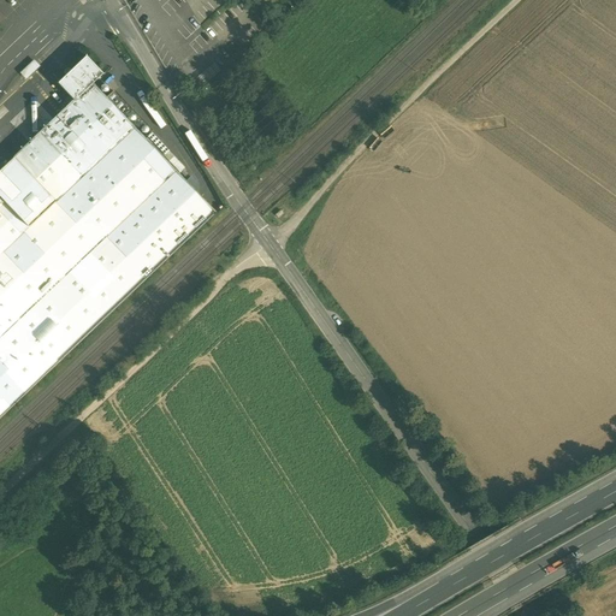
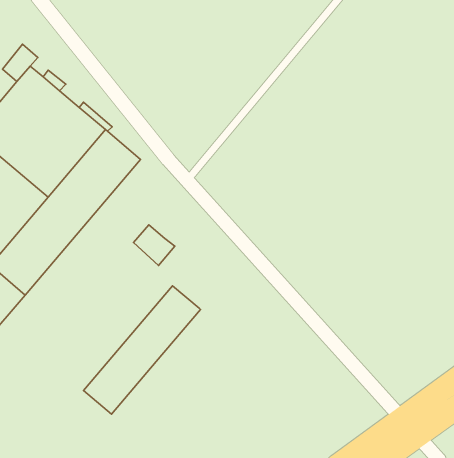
building: none -> [134,225,175,265]
building: none -> [83,286,201,414]

